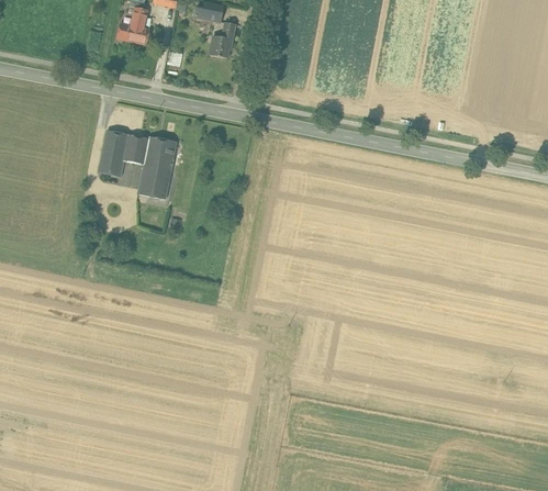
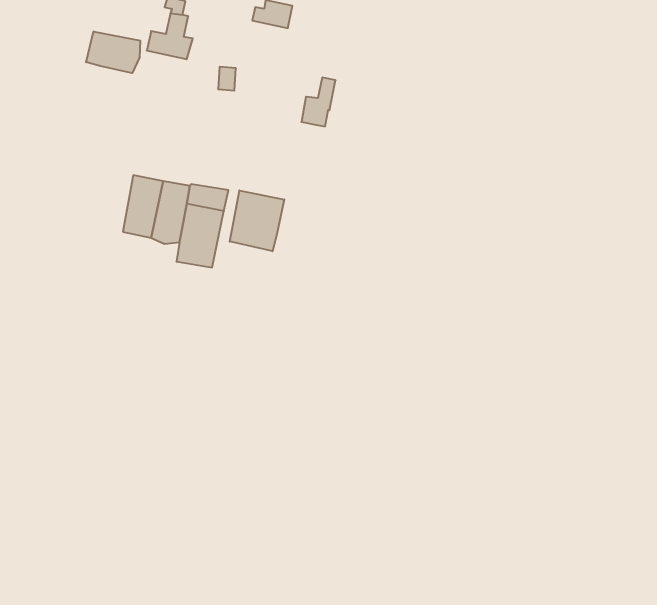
building: [210,22,235,58] -> [301,77,336,126]
building: none -> [86,31,140,73]
building: none -> [230,190,284,251]

